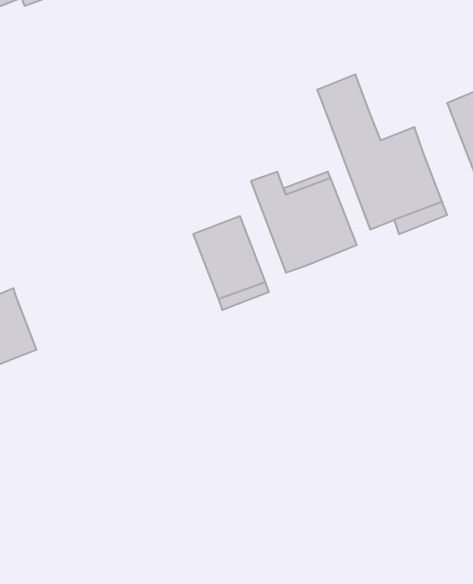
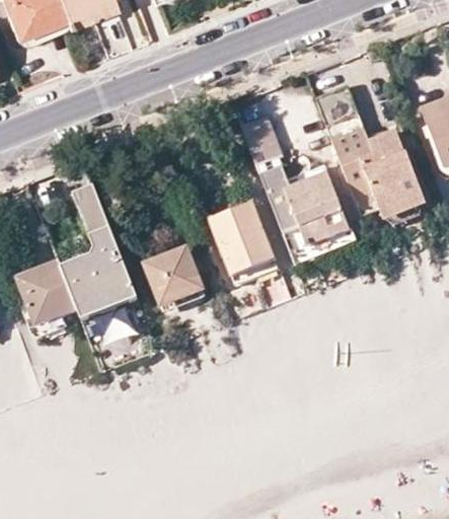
building: none -> [240,116,282,165]
building: none -> [60,188,140,325]
building: none -> [145,249,206,311]

